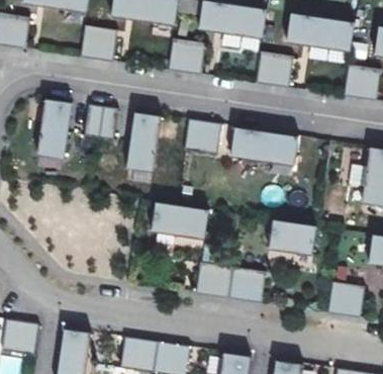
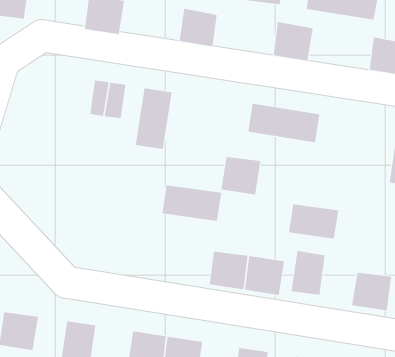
building: [38,100,73,157] -> none
building: [183,121,220,157] -> [220,156,261,195]
building: none -> [291,250,325,295]

